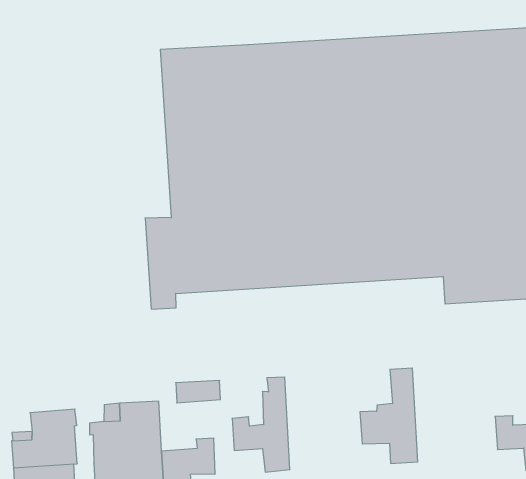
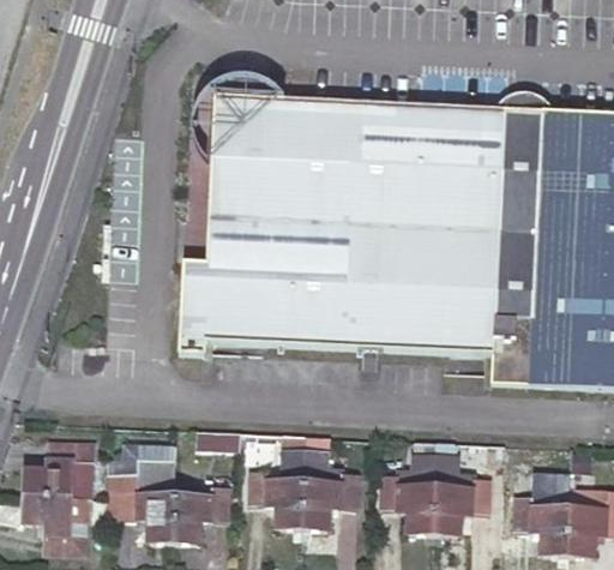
building: none -> [432,439,488,534]
building: none -> [302,434,359,529]

